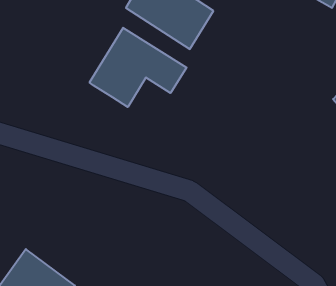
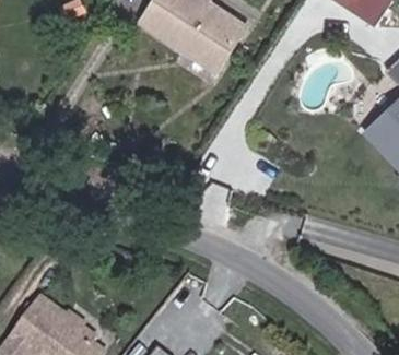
building: [90,28,187,107] -> none

